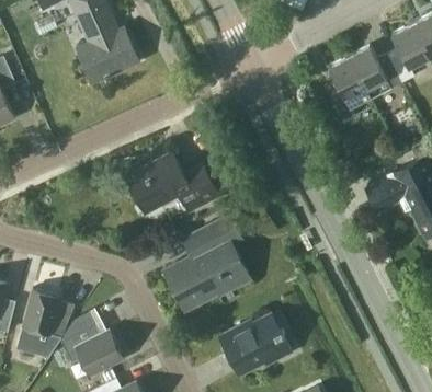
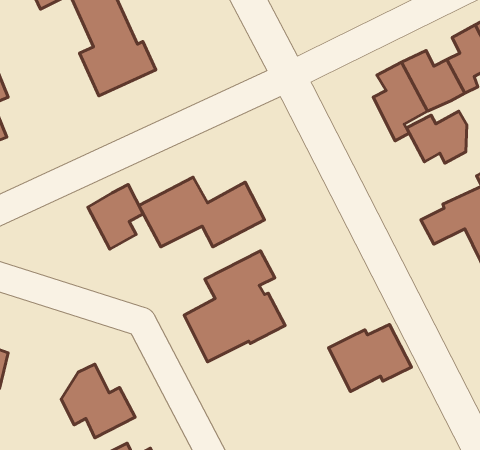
building: none -> [407,111,467,163]
building: none -> [88,185,143,249]
building: [16,290,75,358] -> none
building: [220,316,291,373] -> [329,325,411,392]

